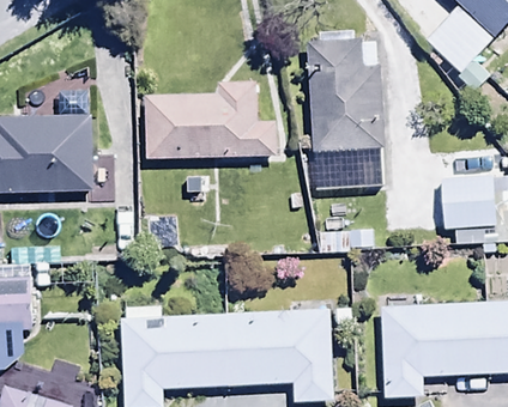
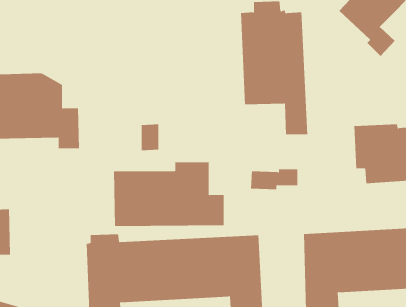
building: [145,80,278,158] -> [113,162,224,227]

